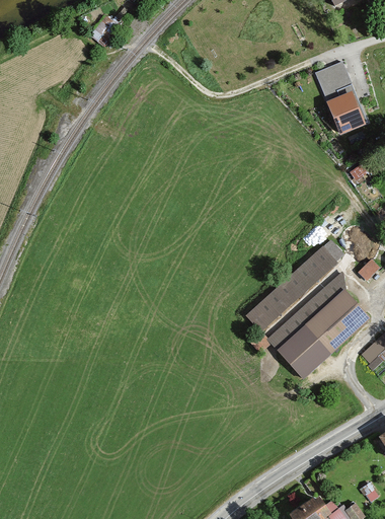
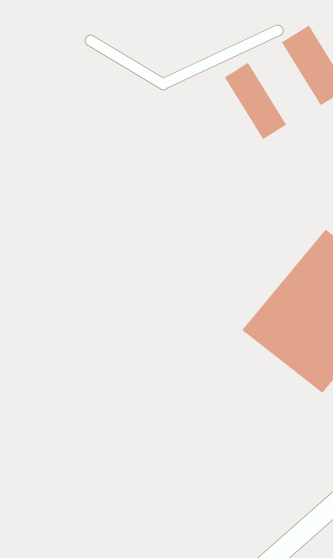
building: none -> [224,62,287,140]

